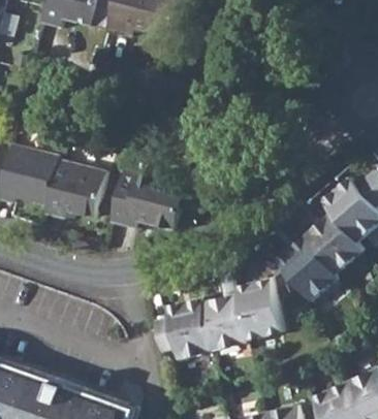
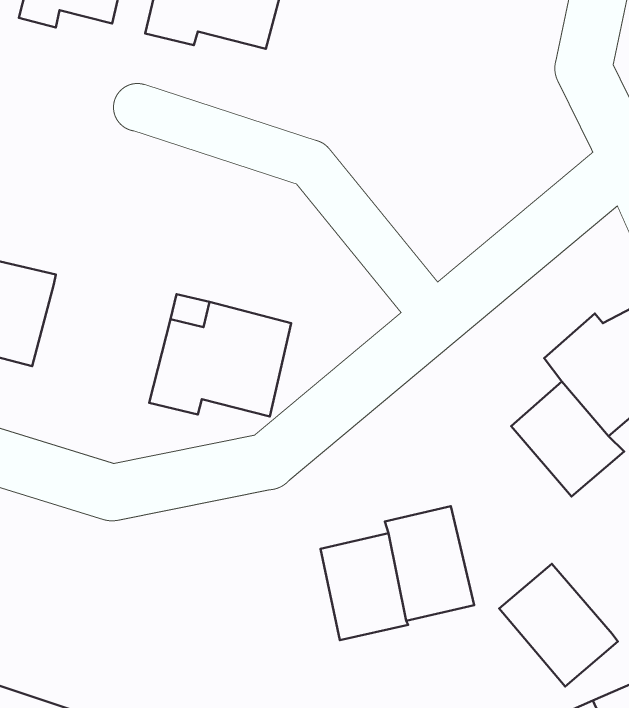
building: [46,161,107,217] -> none
building: [275,236,338,301] -> [499,564,618,686]
building: [153,299,212,359] -> none

